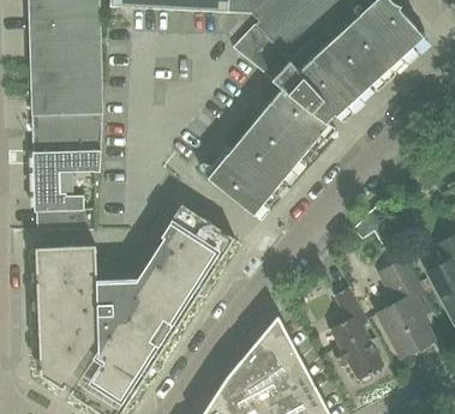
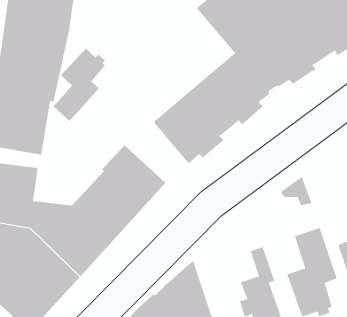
building: none -> [53,48,106,122]

